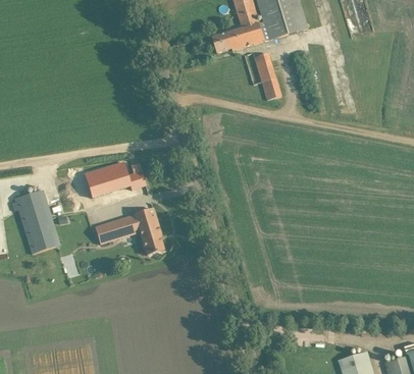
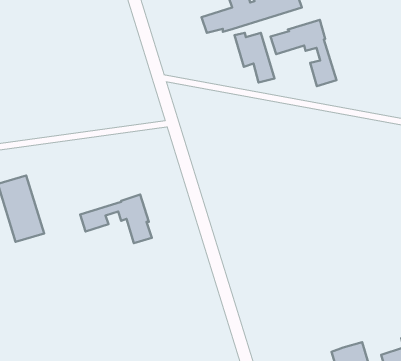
building: none -> [270,20,337,86]
building: [85,162,146,198] -> none

